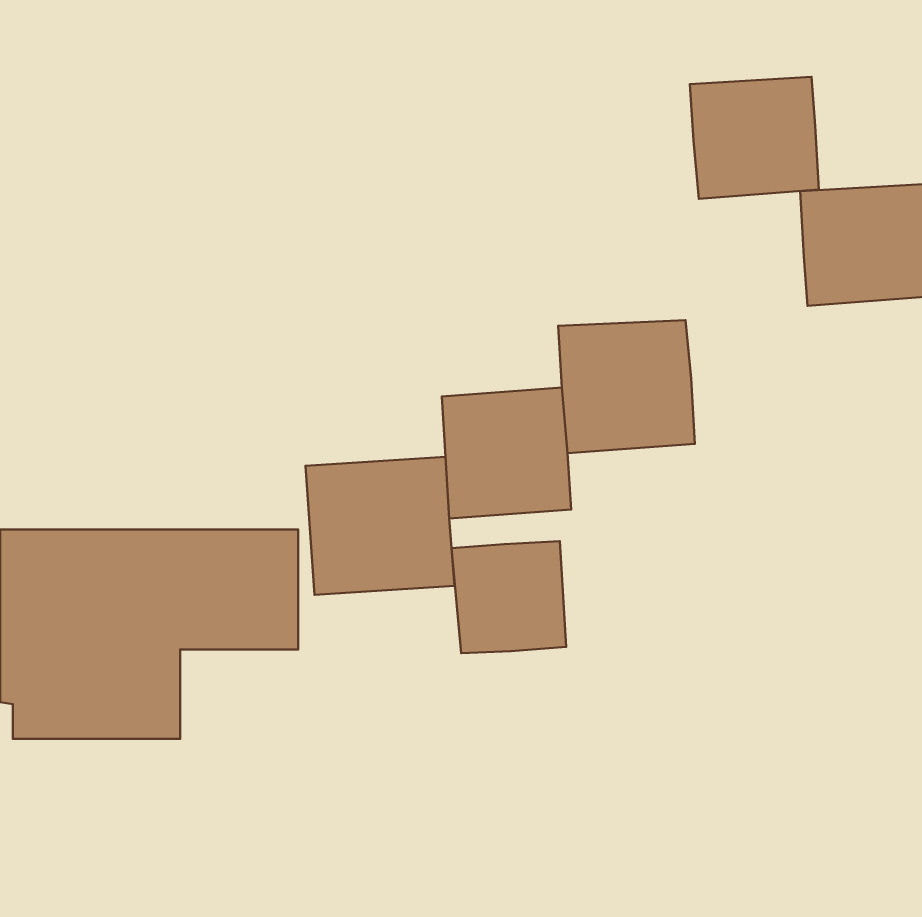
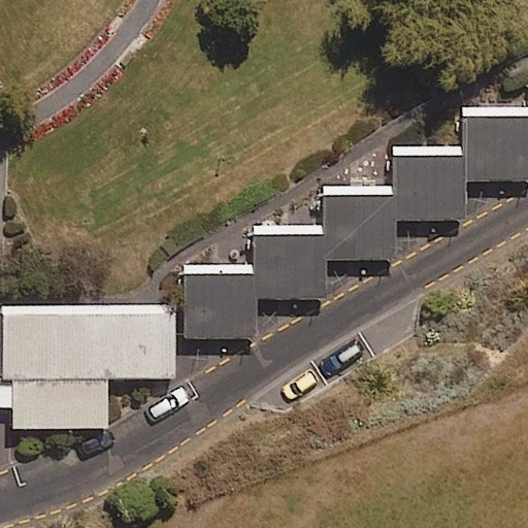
building: [690,77,819,199] -> [391,153,464,222]
building: [452,541,566,653] -> none

